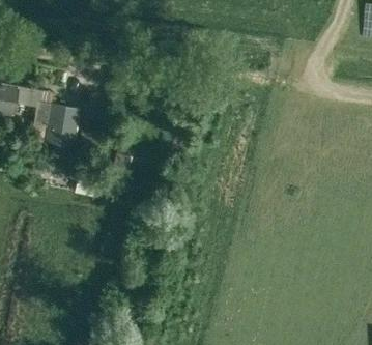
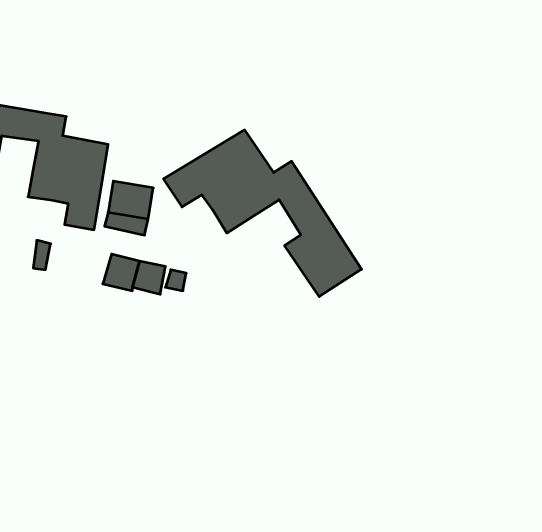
building: none -> [164,130,362,297]

